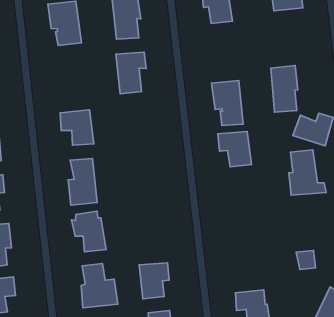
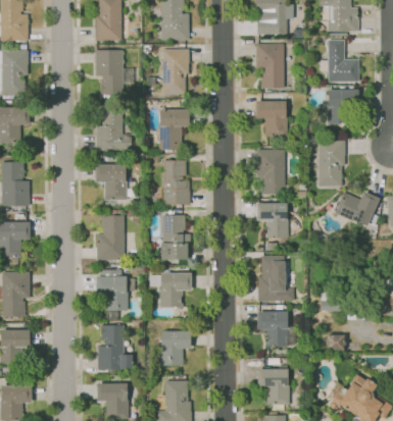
building: none -> [328,89,358,124]
building: none -> [254,99,287,140]
building: none -> [95,105,131,150]
building: none -> [159,160,190,205]
building: [289,150,326,195] -> [257,254,294,300]
building: none -> [160,213,191,259]
building: none -> [160,272,191,307]
building: none -> [256,310,294,347]

